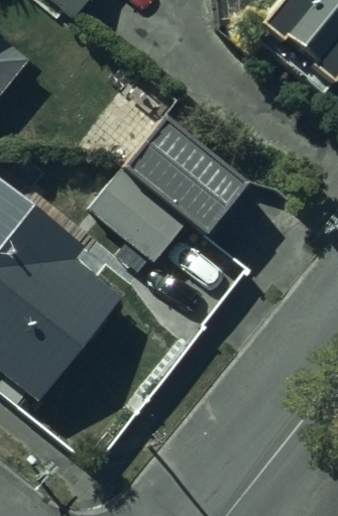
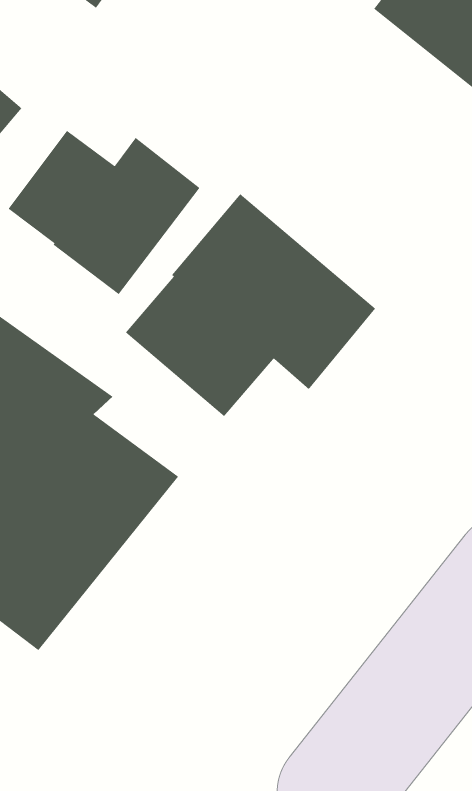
building: none -> [7,130,200,295]

